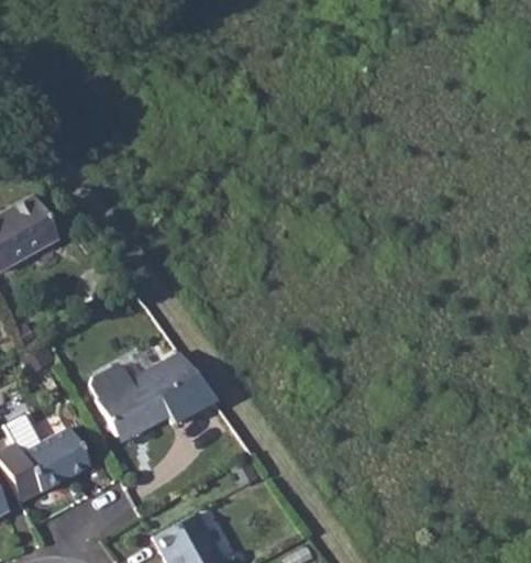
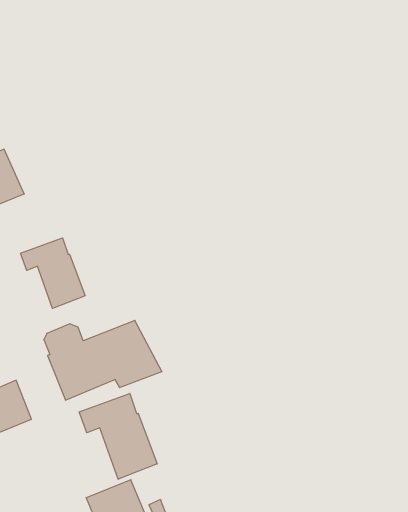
building: none -> [20,238,85,308]
building: none -> [79,393,157,479]

